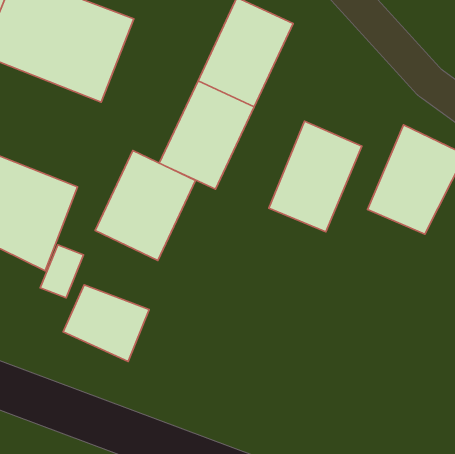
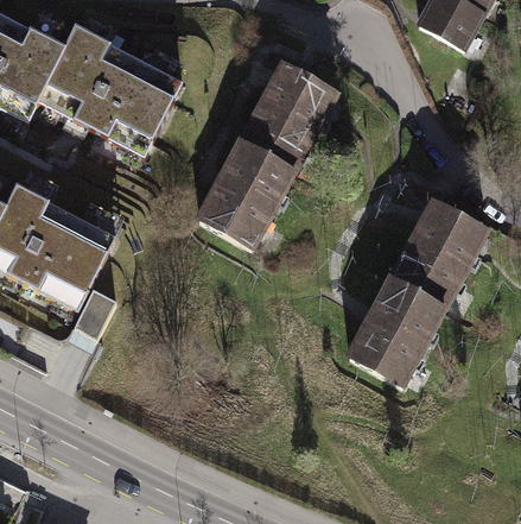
building: [269,121,362,232] -> [348,279,441,386]
building: [95,151,196,260] -> none
building: [63,285,149,362] -> none

